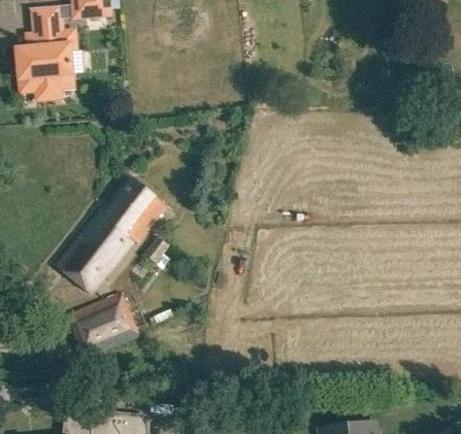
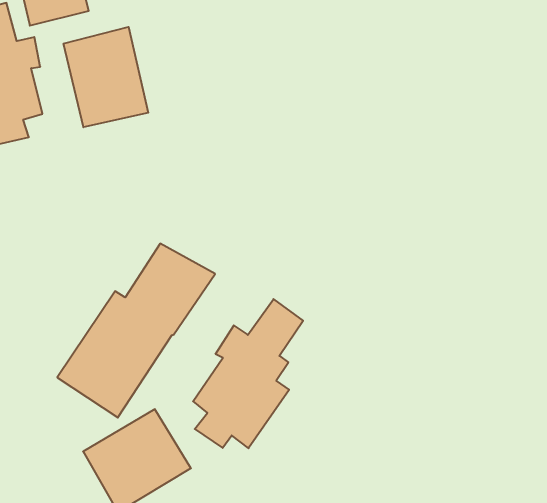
building: none -> [64,27,148,127]
building: none -> [193,299,303,448]

